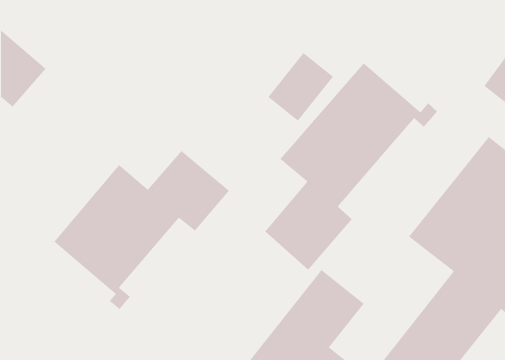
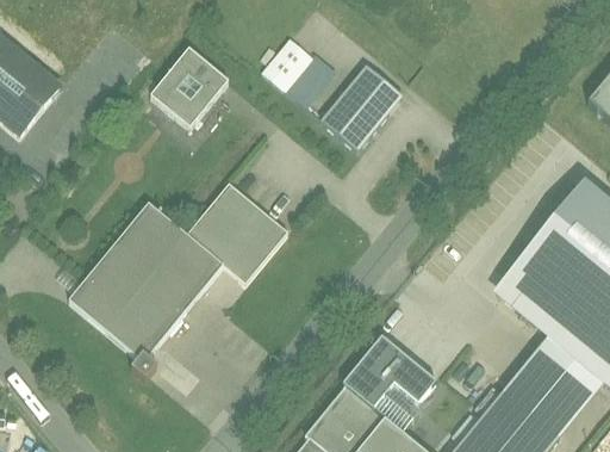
building: none -> [266,33,340,106]
building: none -> [152,51,230,130]
building: [264,62,438,270] -> none

